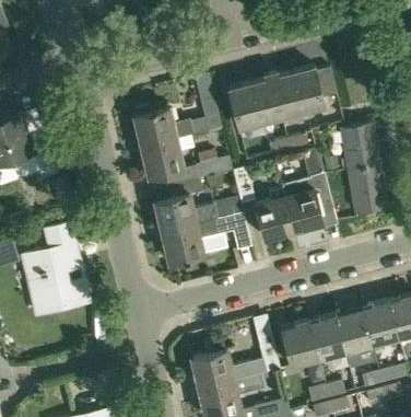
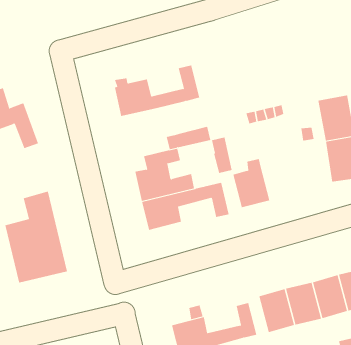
building: [228,68,336,129] -> none
building: [141,139,183,177] -> none
building: [282,174,336,232] -> none

